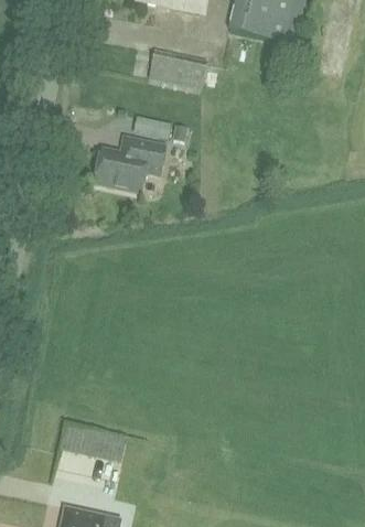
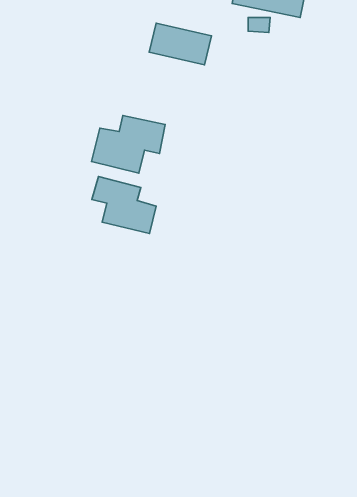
building: none -> [92,176,156,234]

